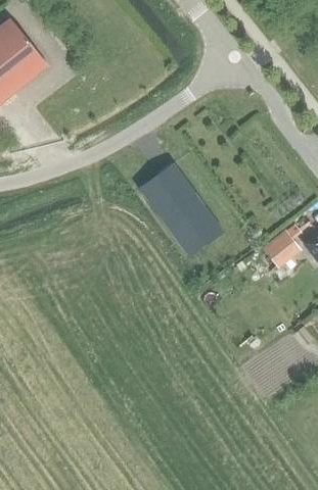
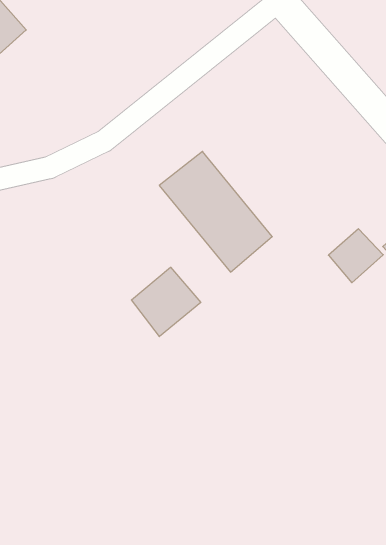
building: none -> [131,267,201,337]

